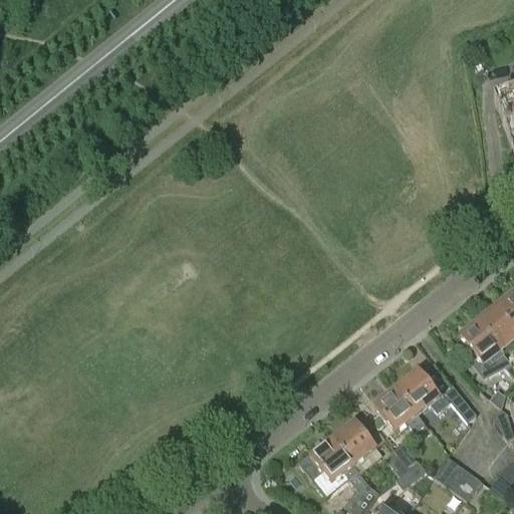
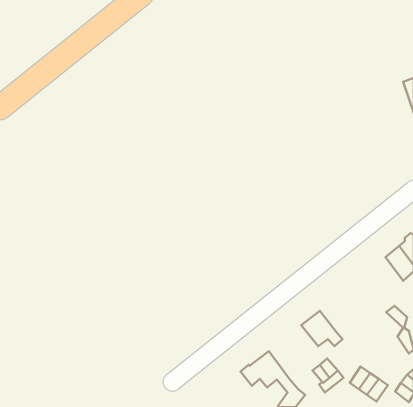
building: [461,318,501,367] -> none
building: [398,367,477,420] -> none
building: [334,419,382,471] -> none

